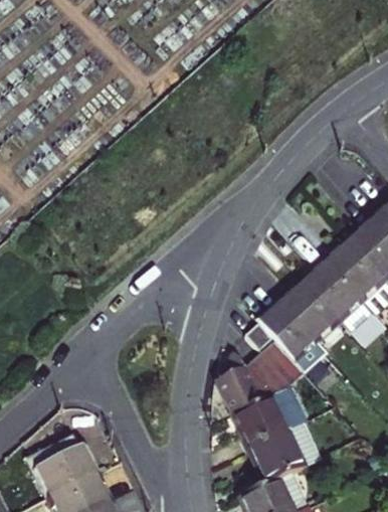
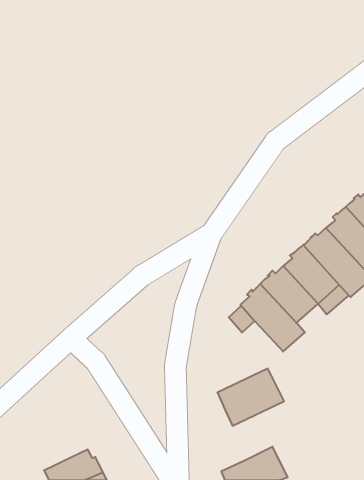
building: [217,346,304,415] -> none
building: [248,424,319,486] -> none
building: [34,437,95,498] -> none

